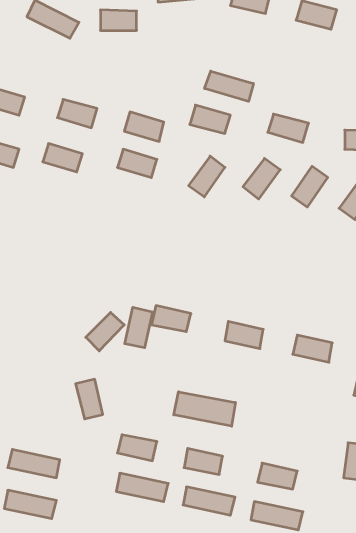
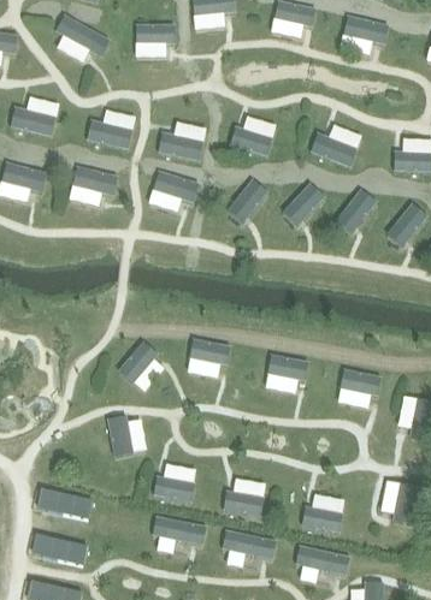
building: [205,71,253,101] -> none
building: [125,307,152,348] -> none
building: [174,392,235,426] -> none

